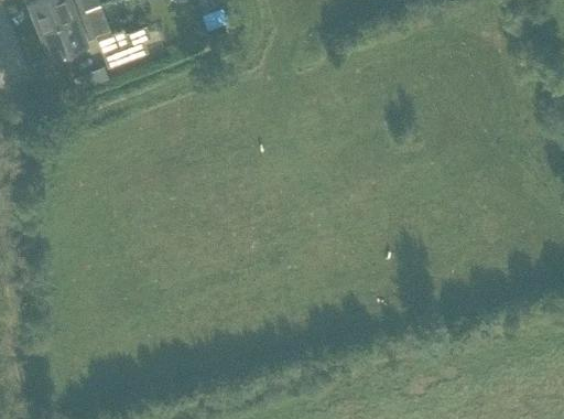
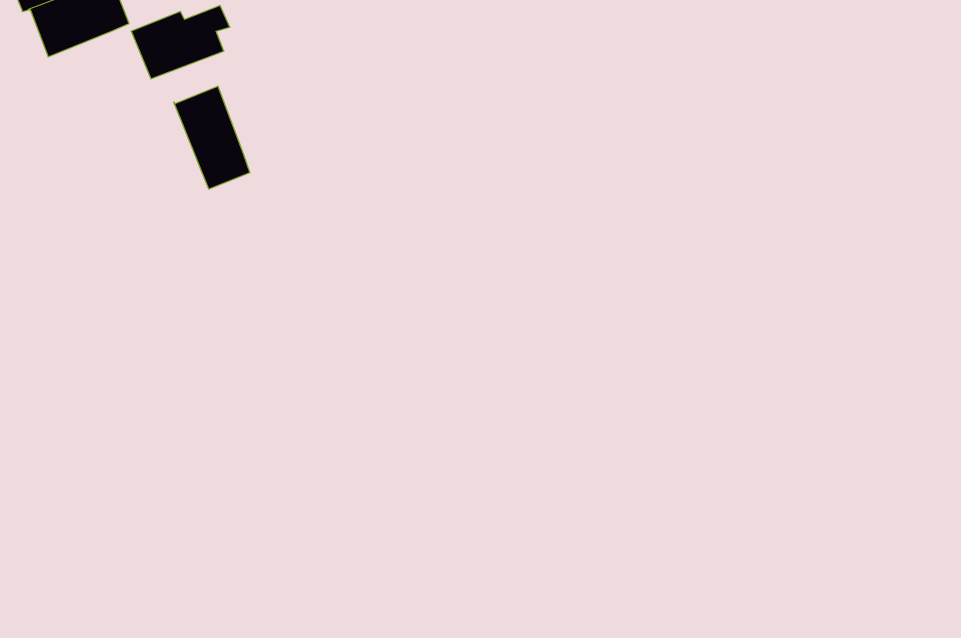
building: none -> [174,86,250,189]

